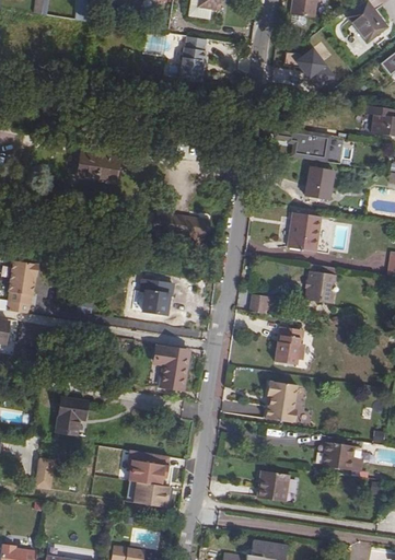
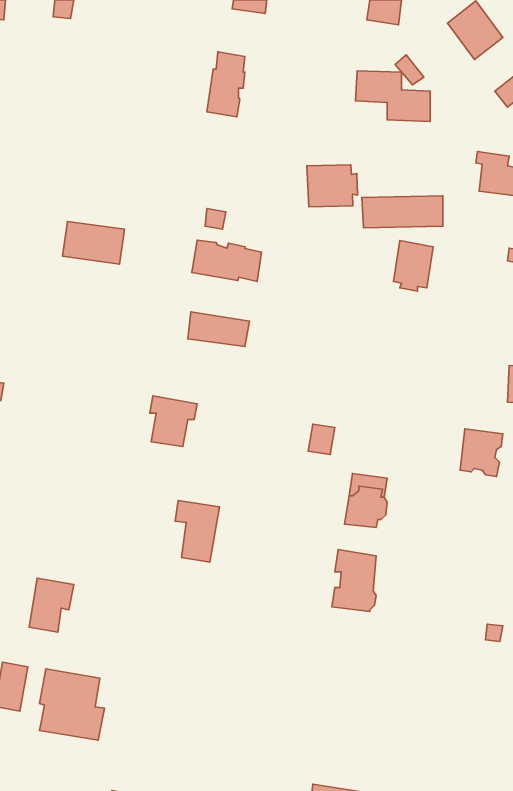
building: none -> [307,165,358,207]
building: none -> [192,240,261,281]
building: [287,212,320,249] -> none
building: [306,270,336,303] -> [460,429,503,477]
building: [324,442,360,469] -> none
building: [125,460,170,510] -> [40,669,105,740]
building: [260,470,291,501] -> none

